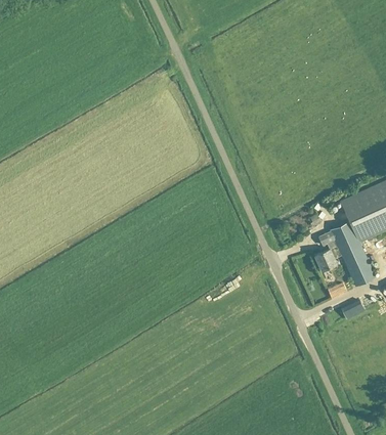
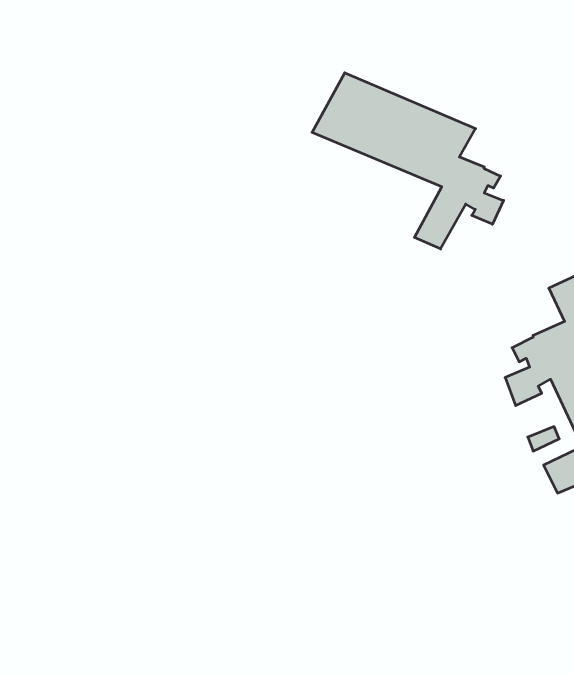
building: none -> [312,73,504,249]

